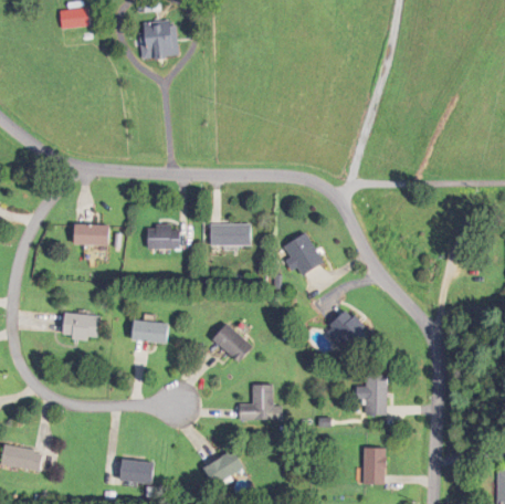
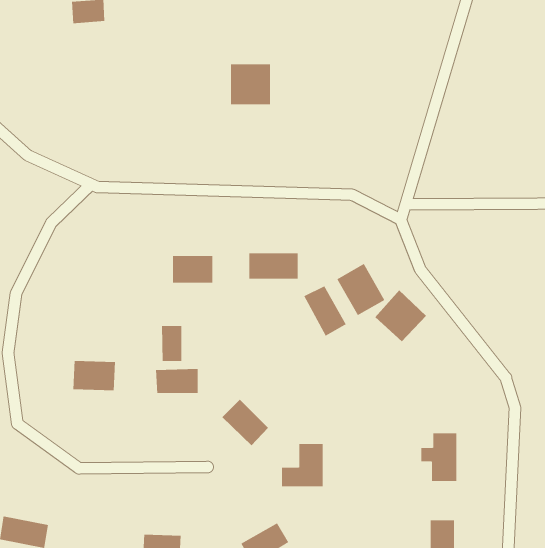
building: [143,24,177,59] -> [230,64,271,105]
building: [73,223,109,244] -> none
building: none -> [304,285,347,337]
building: none -> [161,325,182,362]
building: [325,308,369,353] -> [374,290,427,342]
building: [212,323,252,363] -> [221,399,269,446]

